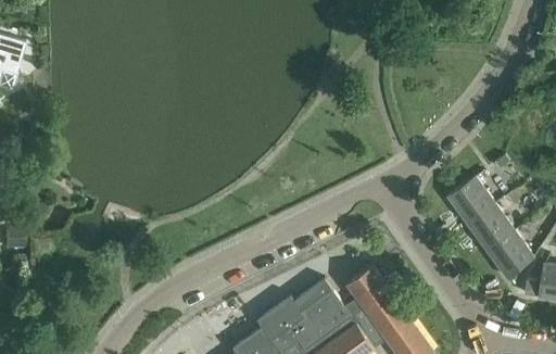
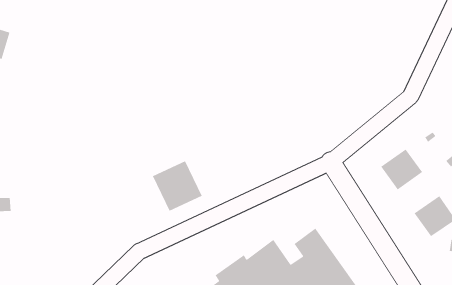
building: none -> [152,160,203,212]
building: [465,203,513,250] -> none

